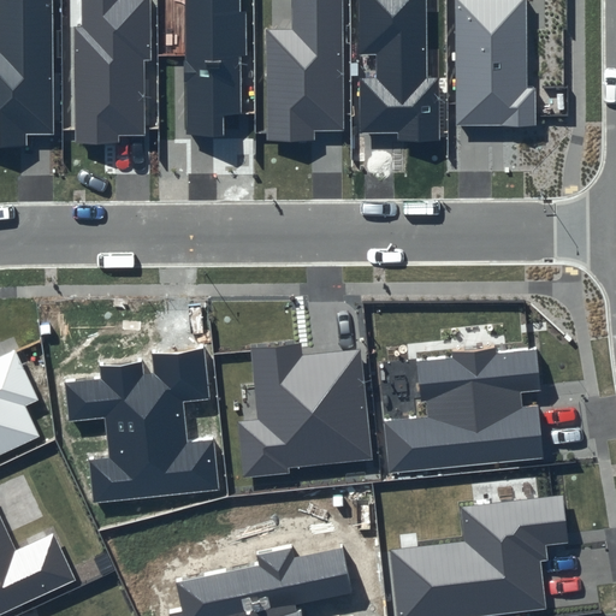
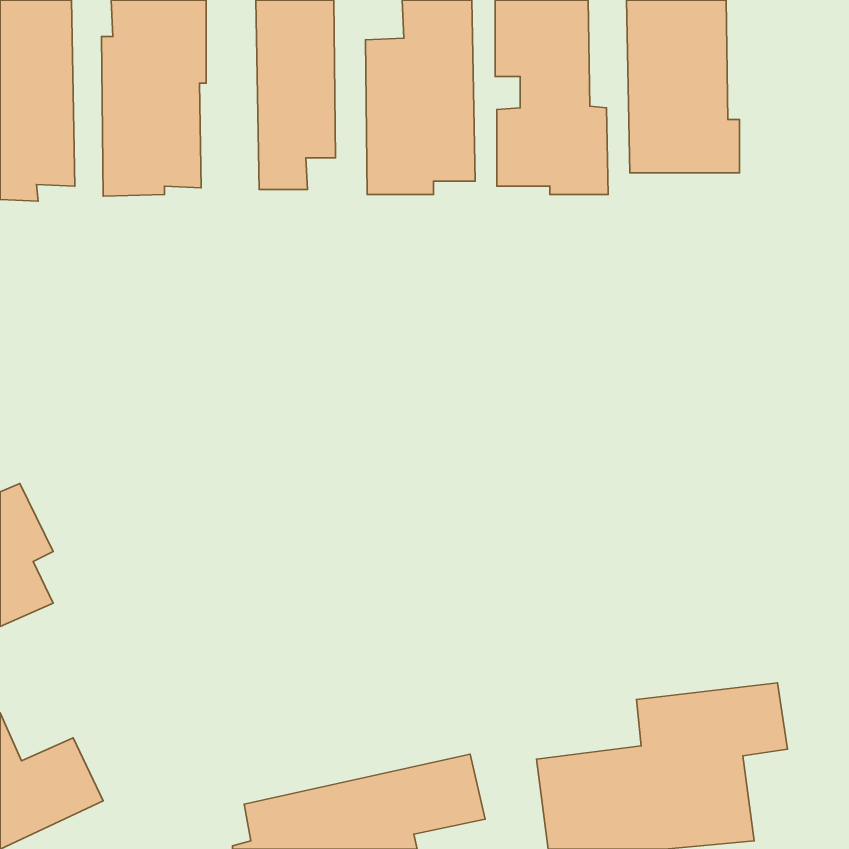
building: [237,343,373,476] -> none
building: [64,346,219,503] -> none
building: [384,350,543,473] -> none

